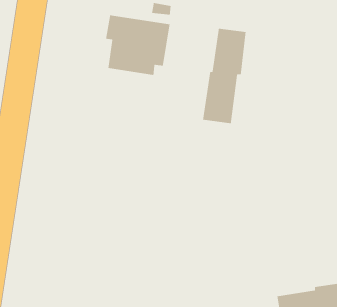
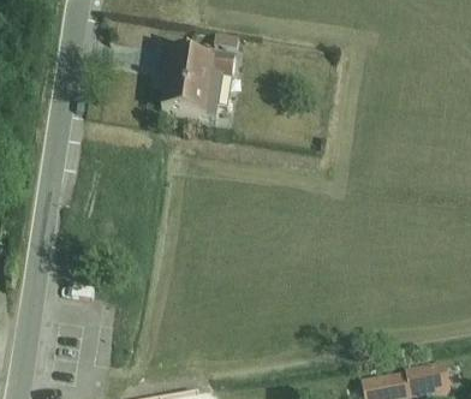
building: [202,28,247,124] -> none

